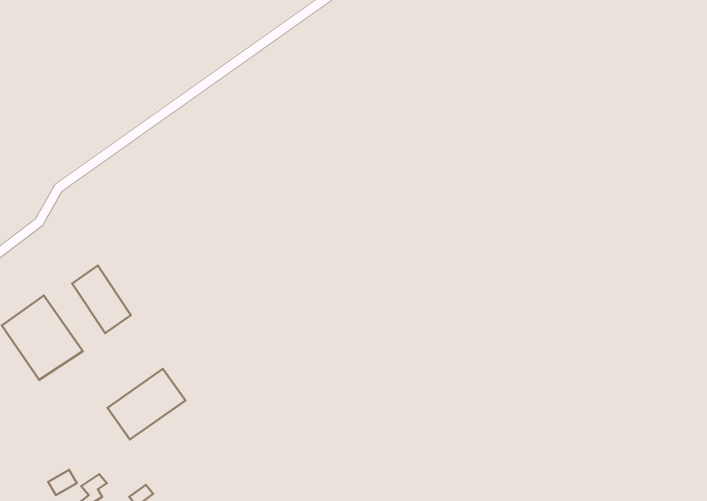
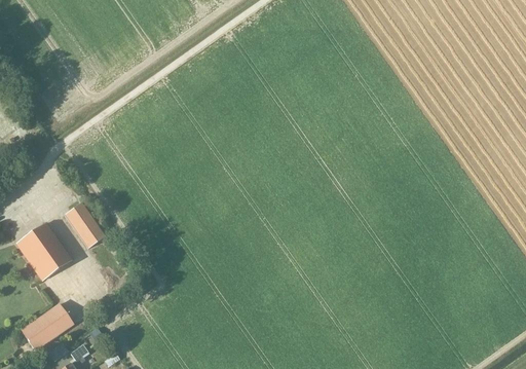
building: [107,369,185,439] -> [21,303,74,352]

